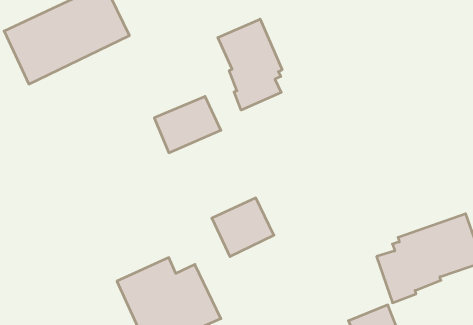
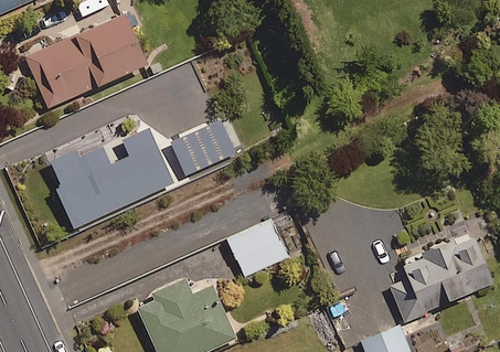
building: [218,19,282,110] -> none
building: none -> [46,127,173,226]

